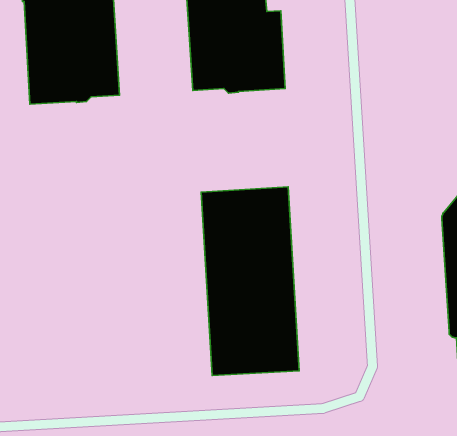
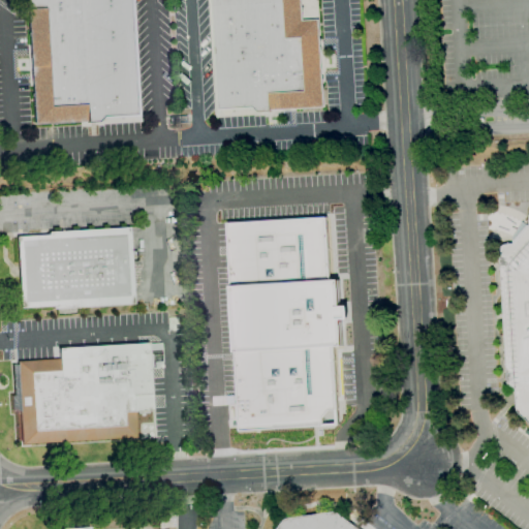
building: none -> [18,227,134,308]
building: none -> [18,342,162,443]

